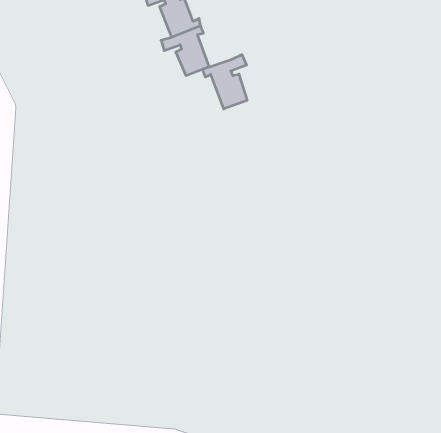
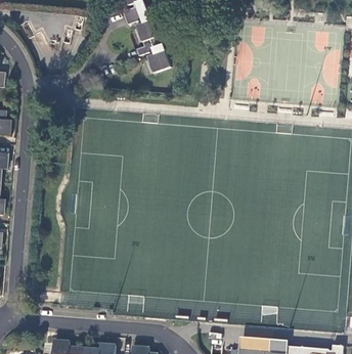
building: [203,55,247,109] -> none

